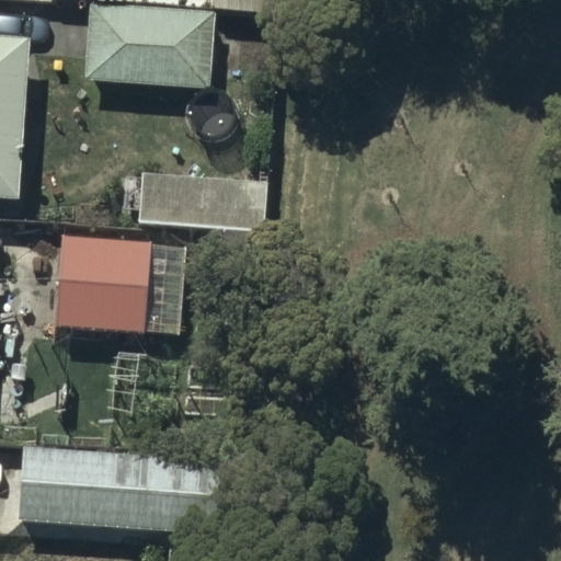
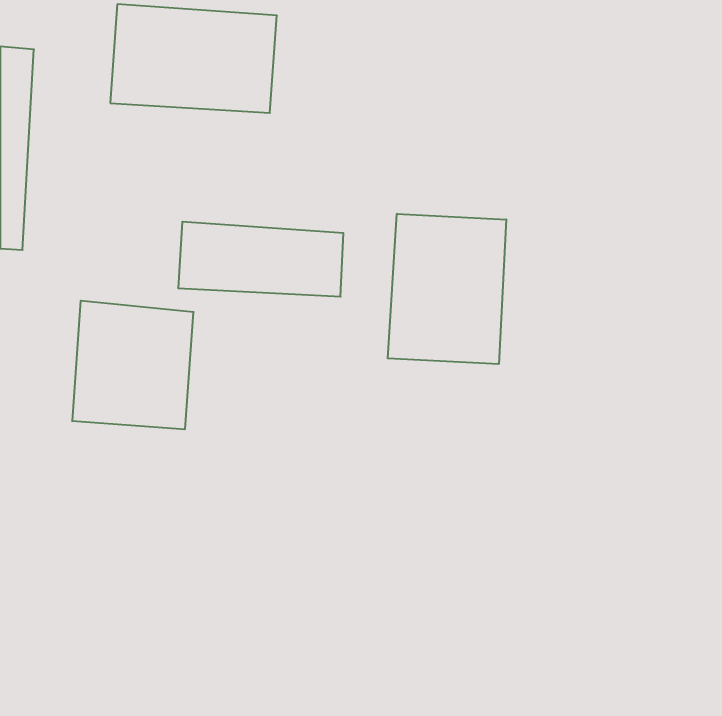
building: none -> [388,214,506,364]
building: [18,445,206,531] -> none

